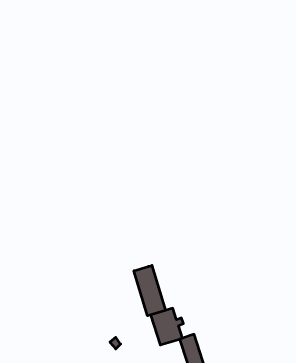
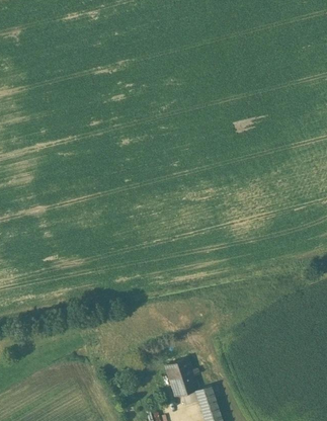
building: [134,265,166,316] -> none

